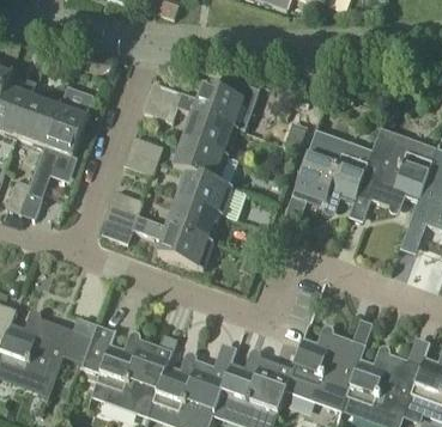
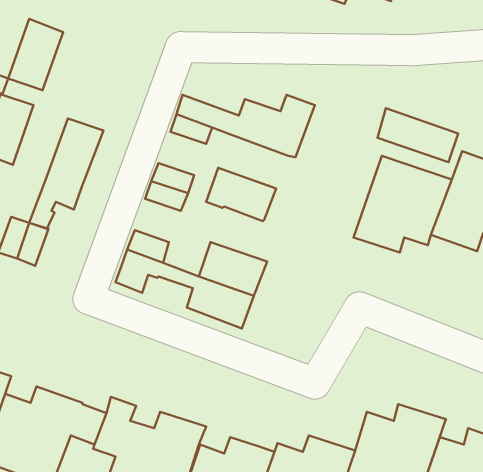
building: [17,90,61,147] -> [8,19,63,90]
building: none -> [378,108,458,162]
building: [182,114,238,157] -> none
building: [176,171,232,215] -> none

